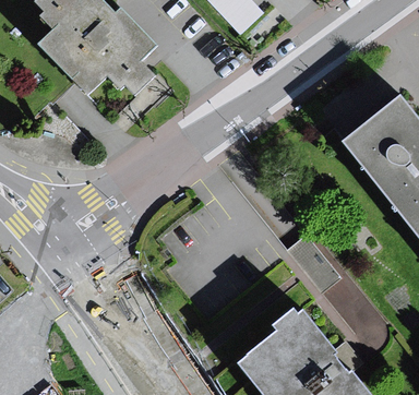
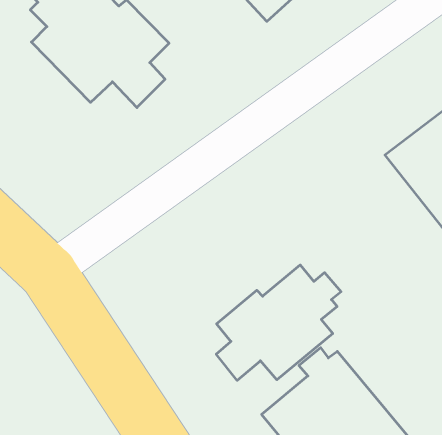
building: none -> [216,265,341,380]

